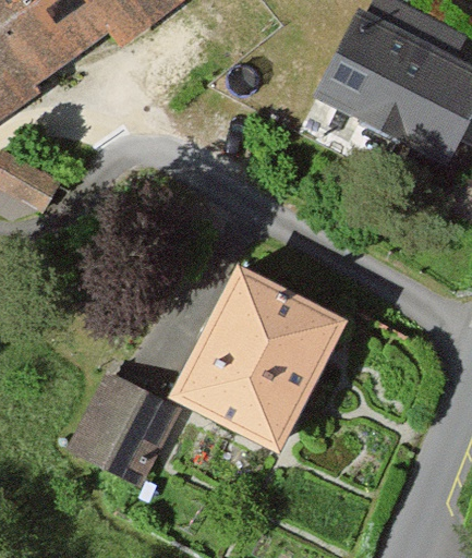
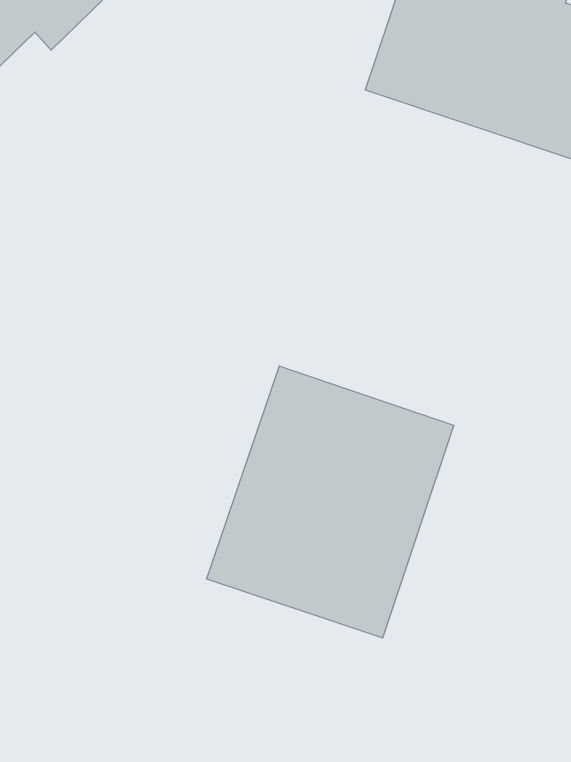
building: [66,374,177,485] -> none

